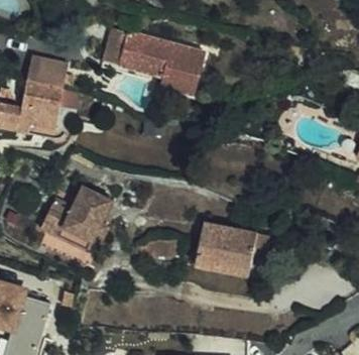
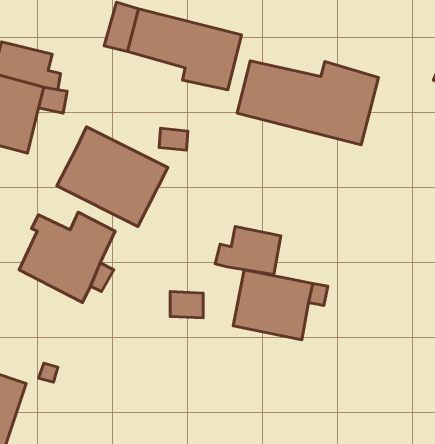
building: none -> [237,61,378,145]
building: none -> [57,127,168,226]
building: none -> [215,227,281,275]

